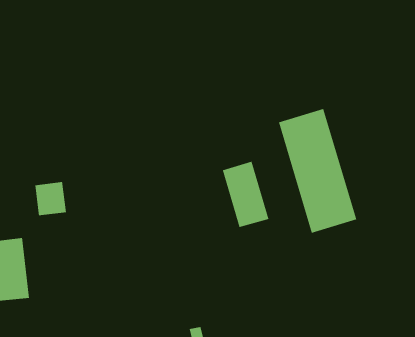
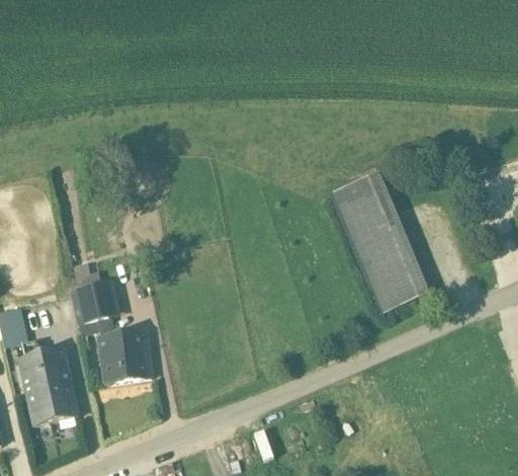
building: [222,161,269,228] -> none
building: none -> [98,329,151,382]

